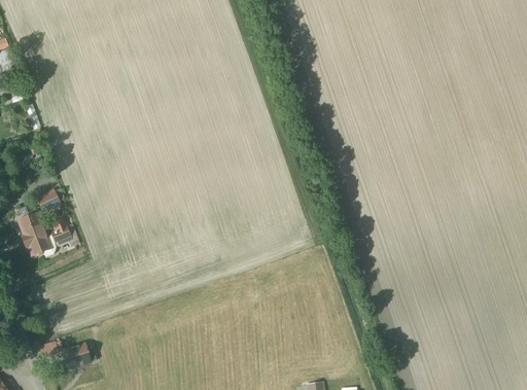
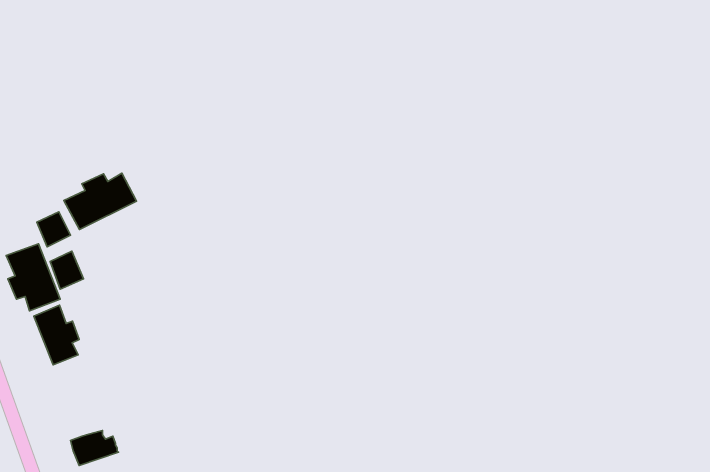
building: none -> [64,173,136,230]
building: none -> [34,305,79,365]

